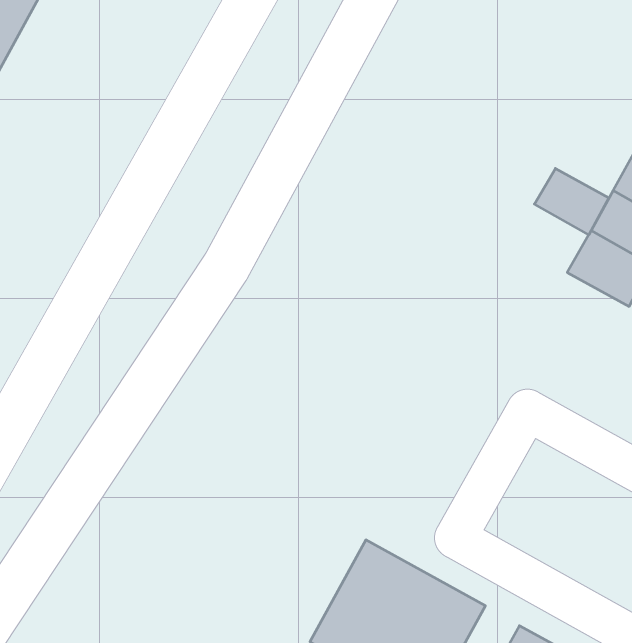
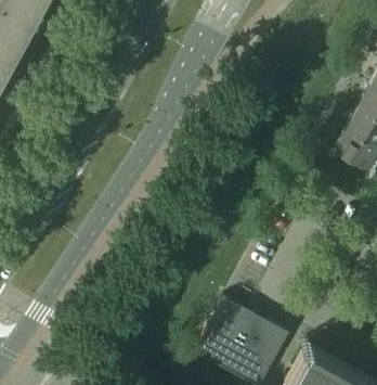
building: [534,168,609,235] -> none

